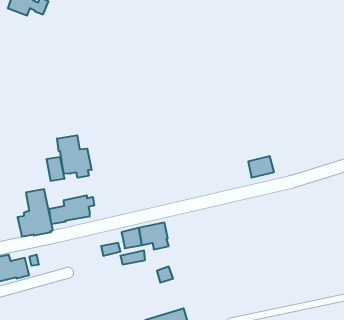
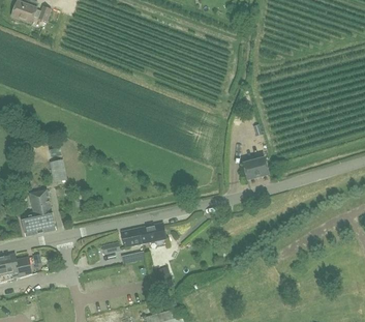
building: [57,135,92,178] -> none
building: [49,195,94,224] -> none

